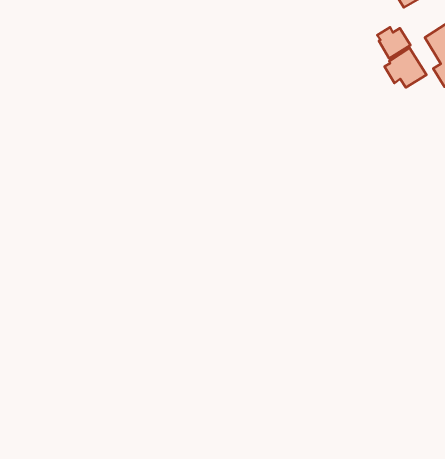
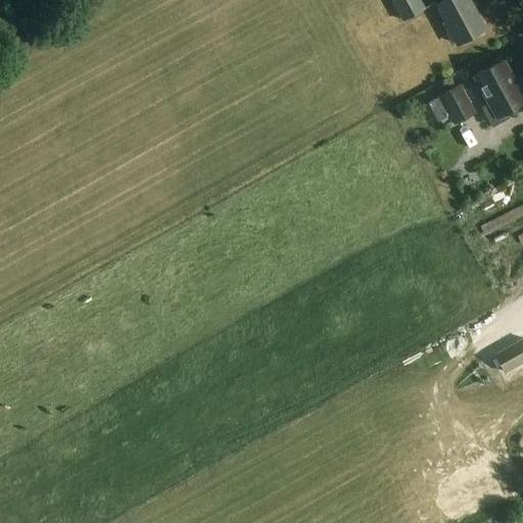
building: [377,27,411,58] -> none

